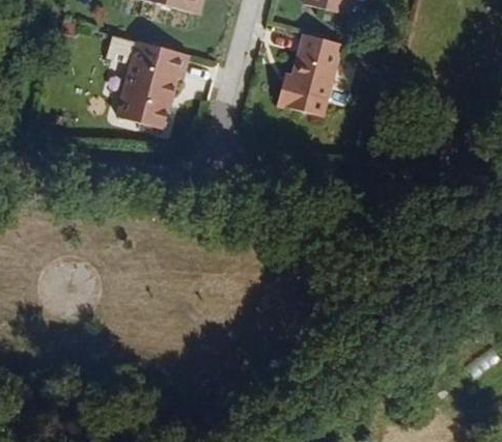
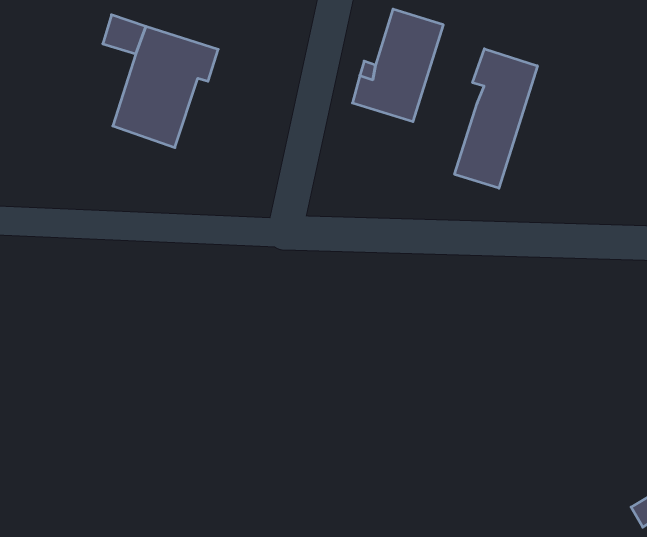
building: none -> [455,49,537,188]

